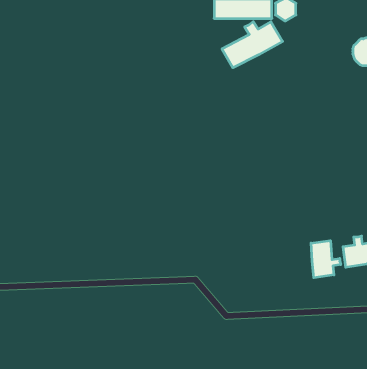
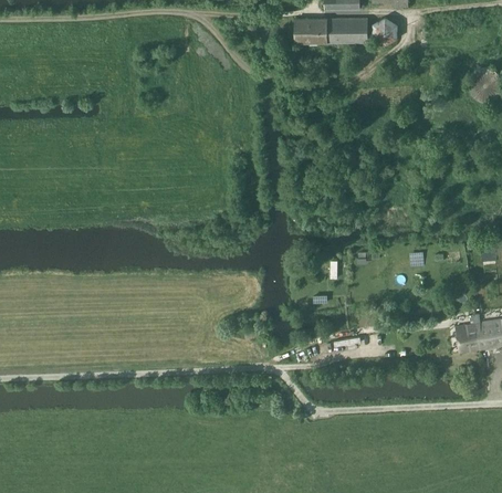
building: [222,22,283,68] -> none
building: [311,241,341,278] -> none

